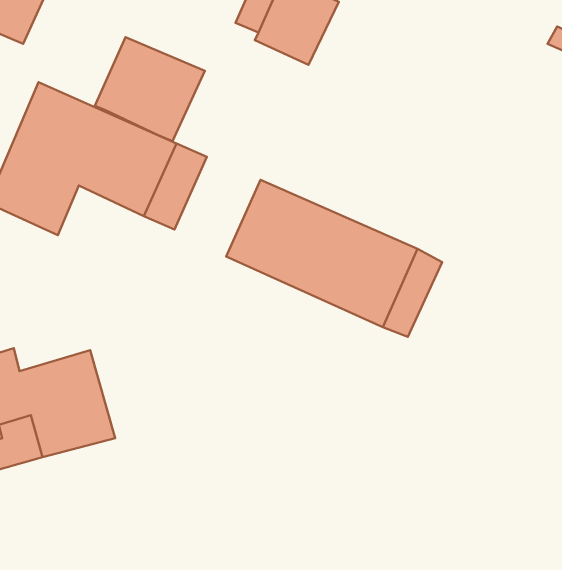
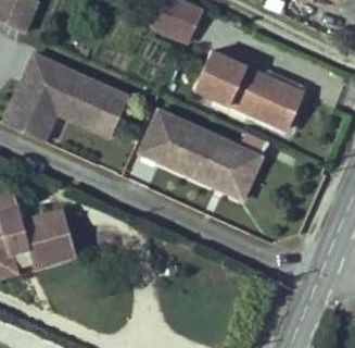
building: [95,37,205,141] -> none
building: none -> [196,55,302,129]

